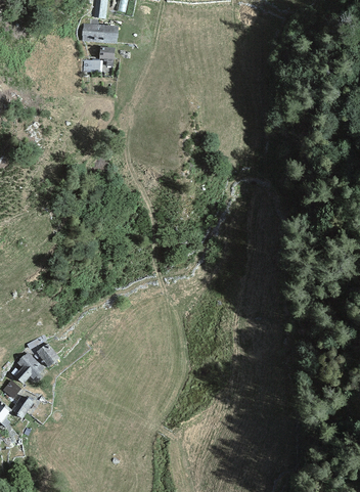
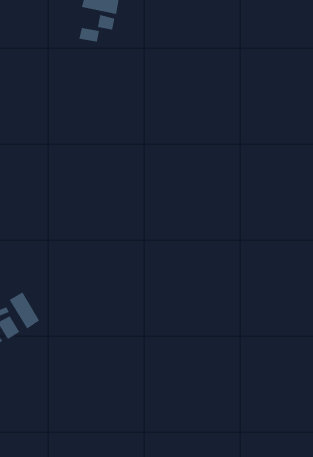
building: none -> [9,291,40,329]

